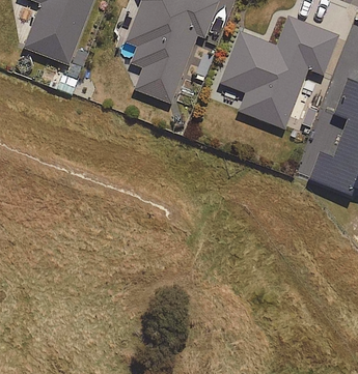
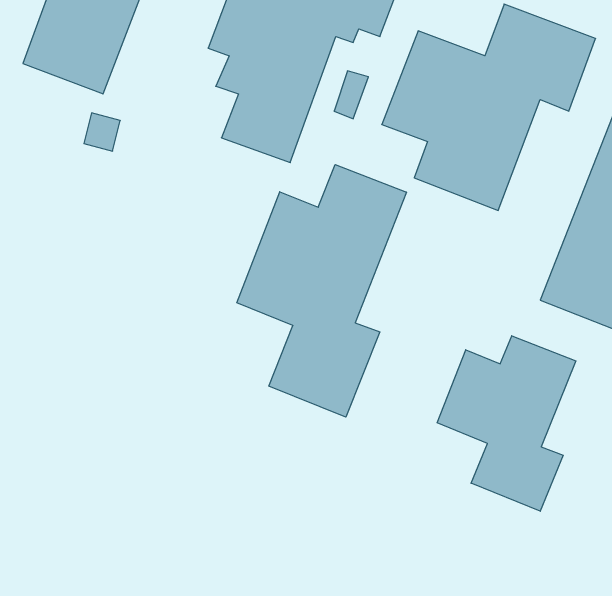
building: none -> [237,165,406,417]
building: none -> [437,336,576,511]

